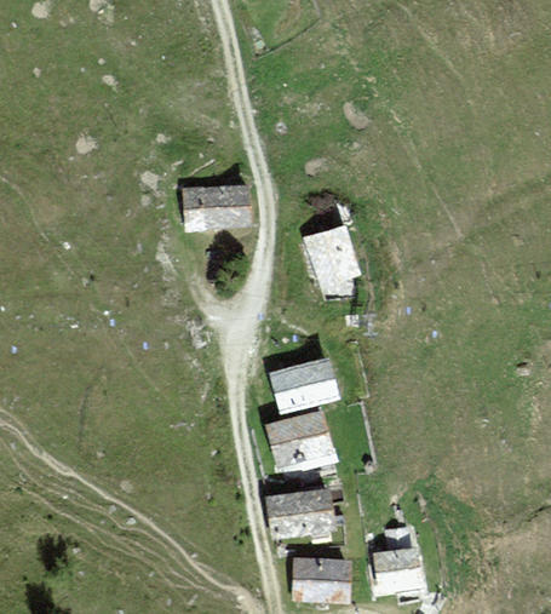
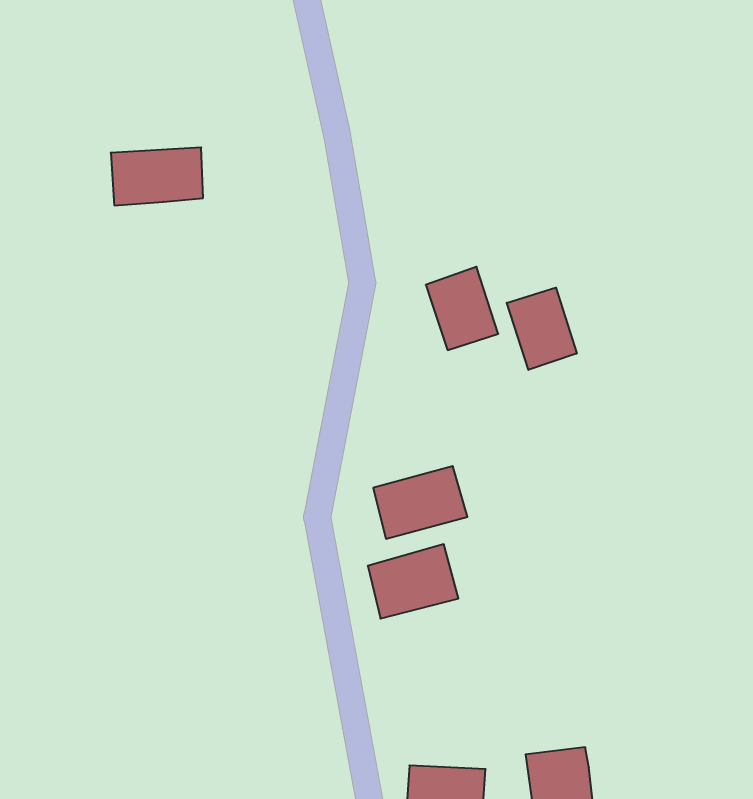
building: [183,184,245,223] -> [111,147,203,205]
building: none -> [507,288,577,370]
building: [268,488,329,532] -> none

